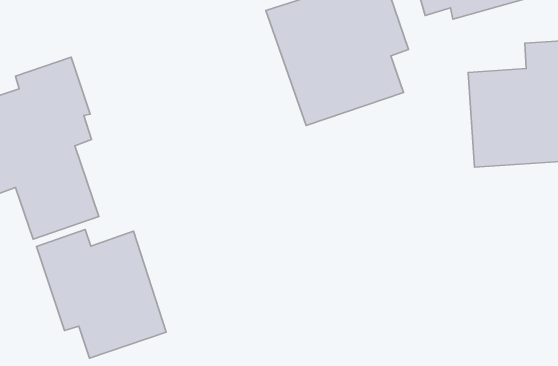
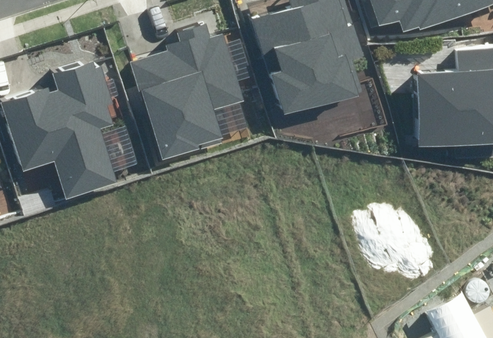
building: none -> [133,25,247,161]
building: [37,230,166,358] -> none

